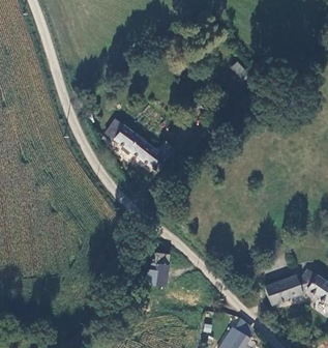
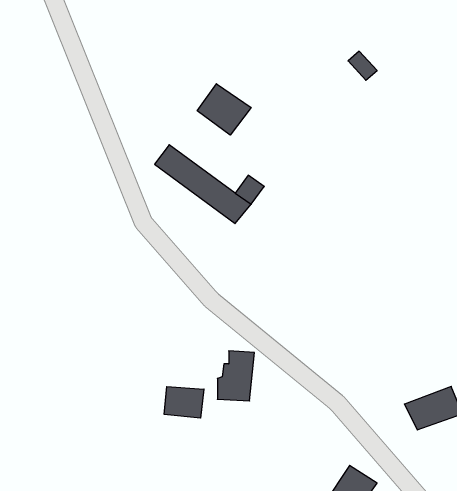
building: none -> [197,84,251,135]
building: none -> [164,387,204,418]

